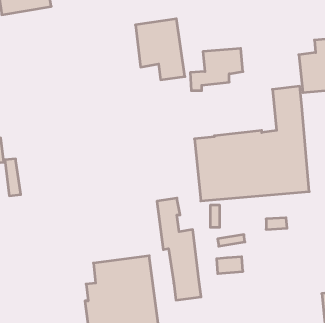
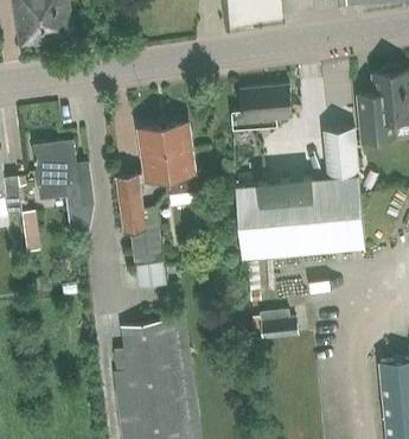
building: [135,19,185,80] -> [140,125,196,193]
building: none -> [33,140,94,235]
building: [157,198,201,300] -> [116,173,166,288]

